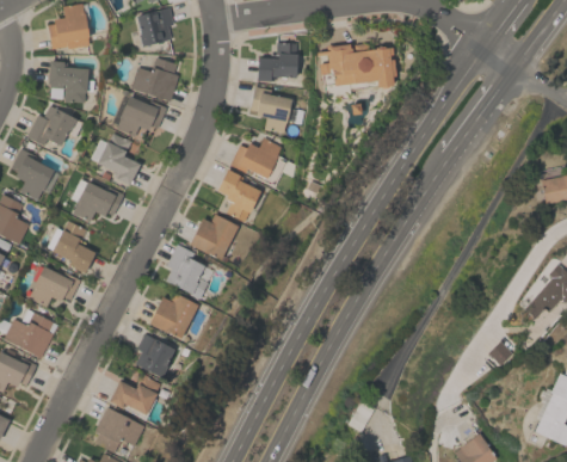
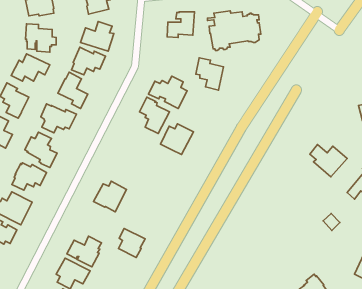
building: [251,86,291,134] -> [196,58,223,90]
building: [190,215,239,260] -> [160,124,194,155]
building: none -> [310,145,347,177]
building: [166,245,214,298] -> none
building: [136,334,175,377] -> [118,228,145,257]

